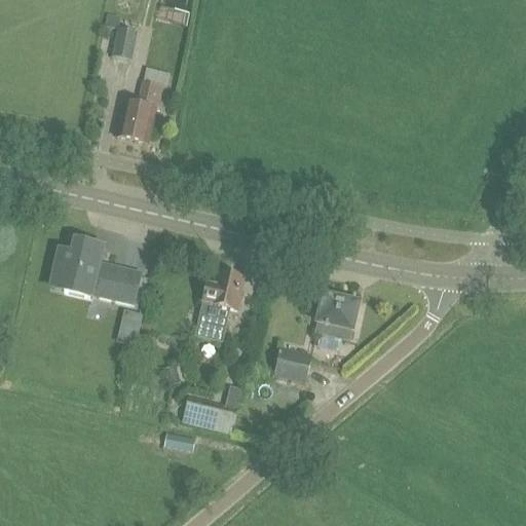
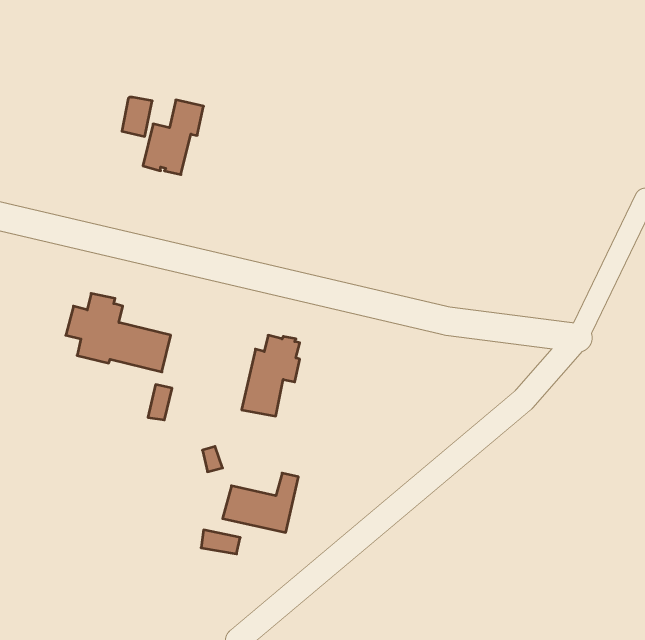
building: [112,27,137,59] -> [122,97,152,136]
building: [313,290,362,340] -> none
building: [273,347,311,381] -> none

